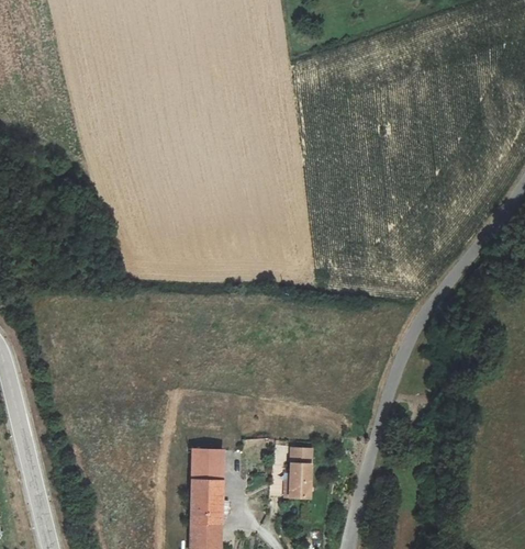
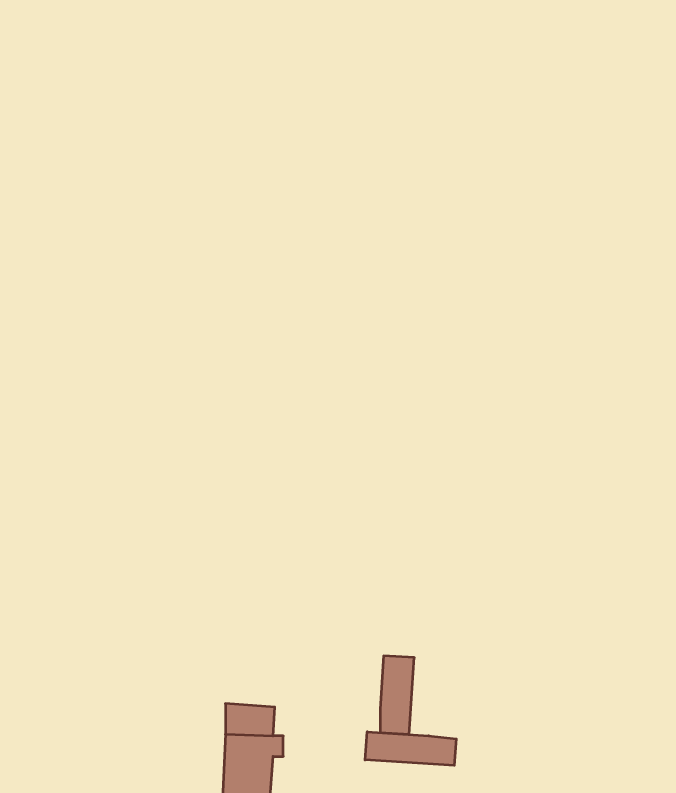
building: [190,449,223,482] -> none
building: none -> [365,732,456,765]

